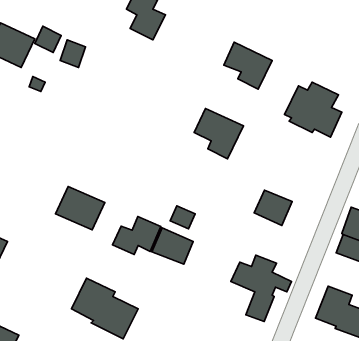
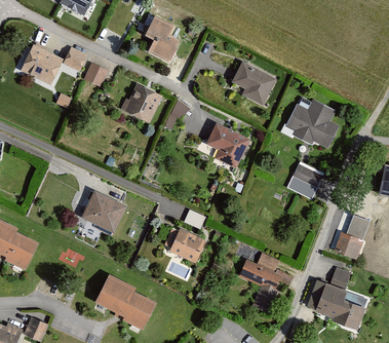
building: none -> [126,85,161,120]
building: [254,190,292,226] -> [287,166,321,198]
building: [113,217,161,255] -> none

